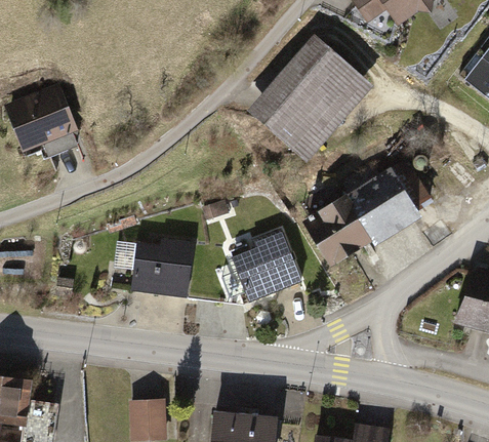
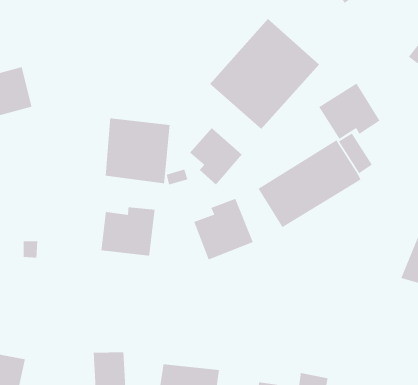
building: none -> [318,82,380,140]
building: none -> [105,117,171,184]
building: none -> [189,127,243,185]

